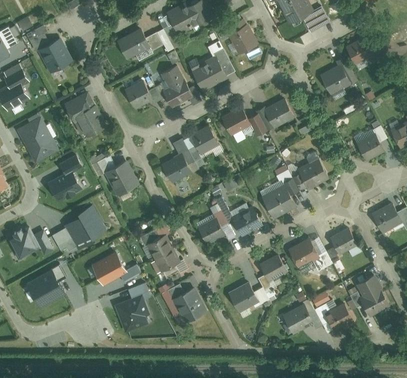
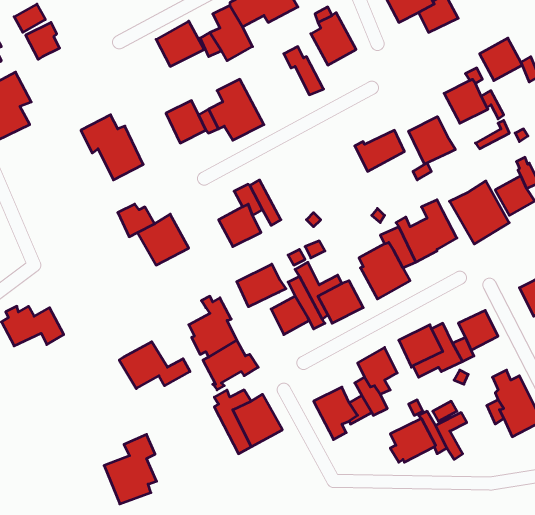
building: [37,37,74,82] -> none
building: [187,56,227,91] -> none
building: none -> [409,117,455,164]
building: [224,106,266,134] -> none
building: [15,112,59,160] -> none
building: [190,125,220,155] -> none
building: none -> [449,181,509,244]
building: [46,152,81,199] -> none
building: none -> [237,264,286,307]
building: [52,202,105,250] -> none
building: [25,261,66,305] -> none
building: [114,281,151,330] -> [104,434,157,504]
building: [324,303,354,331] -> none

